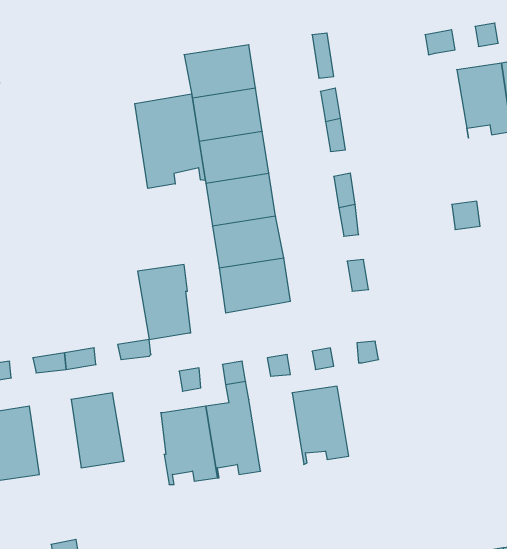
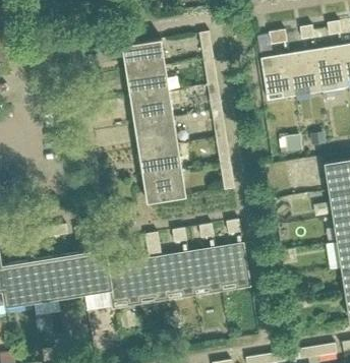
building: none -> [260,55,295,101]
building: [135,94,205,188] -> none
building: [138,265,191,340] -> [77,248,110,294]
building: none -> [215,243,250,291]
building: none -> [161,252,194,300]
building: none -> [26,256,58,302]

